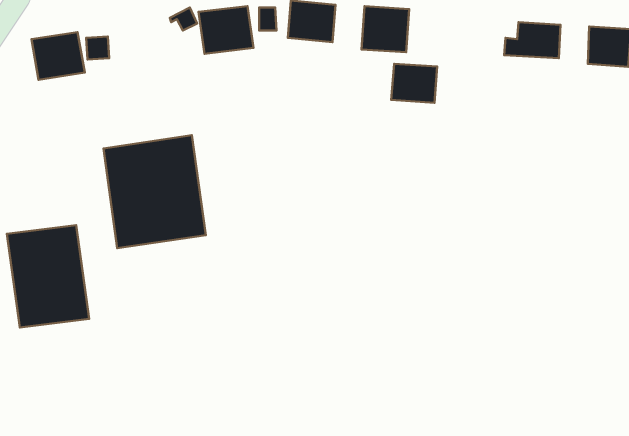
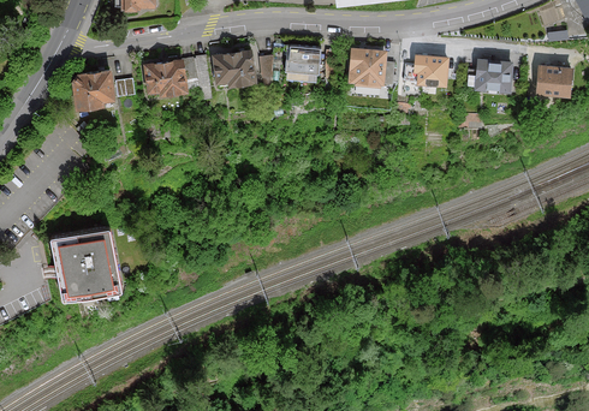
building: none -> [142,58,189,99]
building: [391,64,437,103] -> [412,55,451,88]
building: [103,135,206,248] -> none

